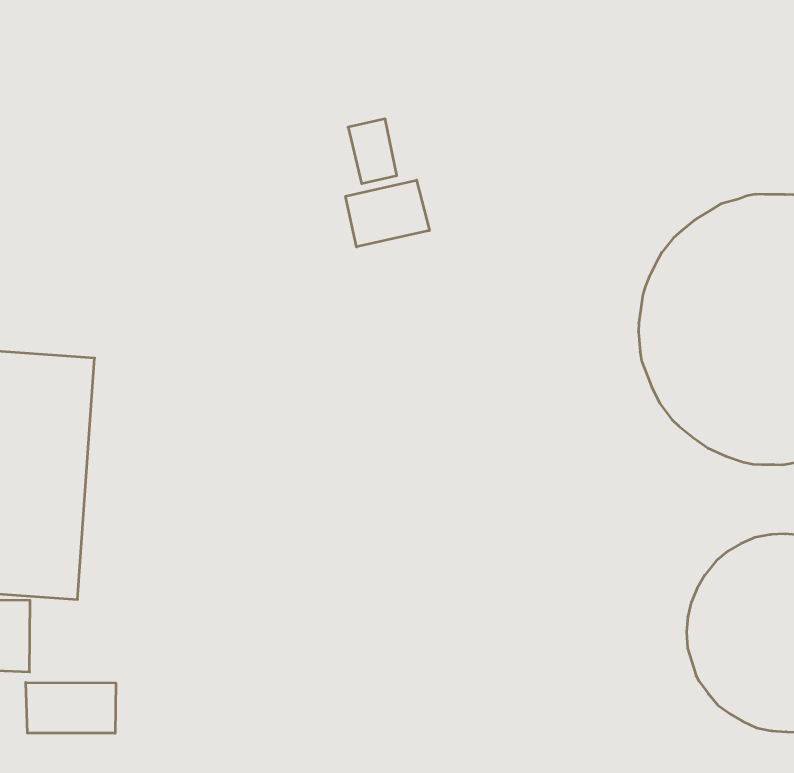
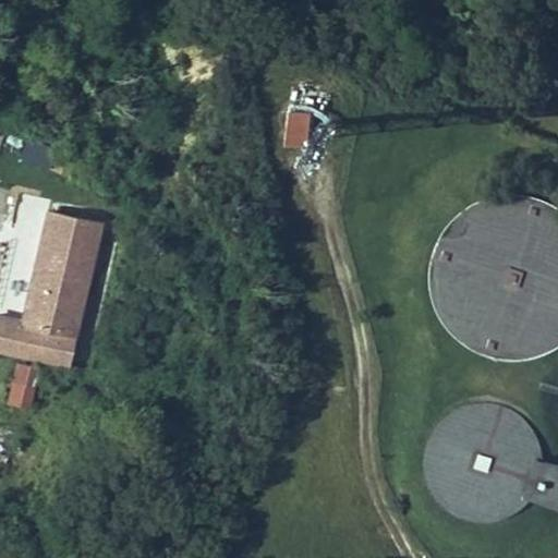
building: [346,180,429,247] -> none
building: [26,682,116,733] -> none

